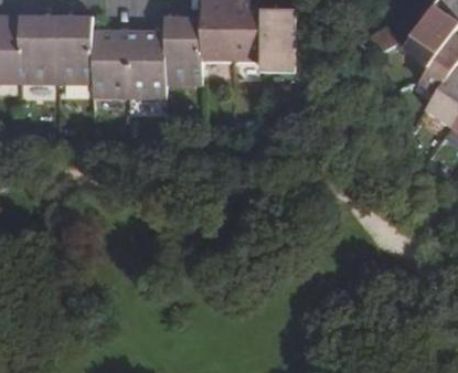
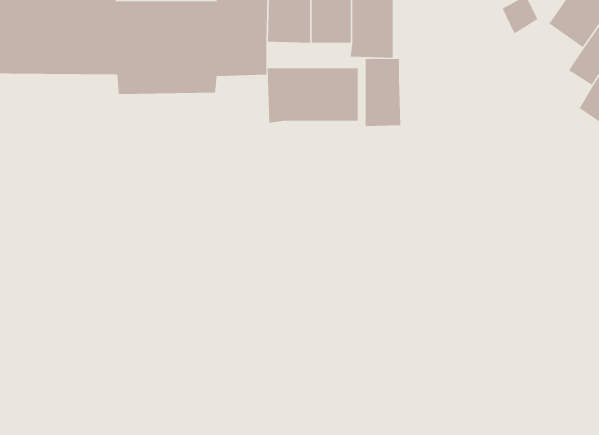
building: none -> [365,58,401,127]
building: none -> [267,68,358,123]

